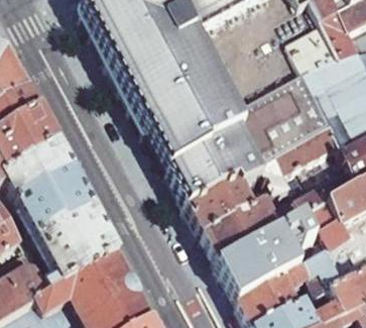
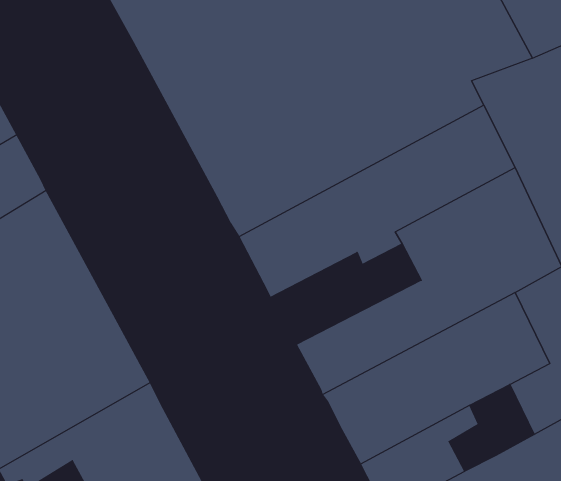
building: [188,174,275,232] -> none
building: [303,255,341,297] -> none

